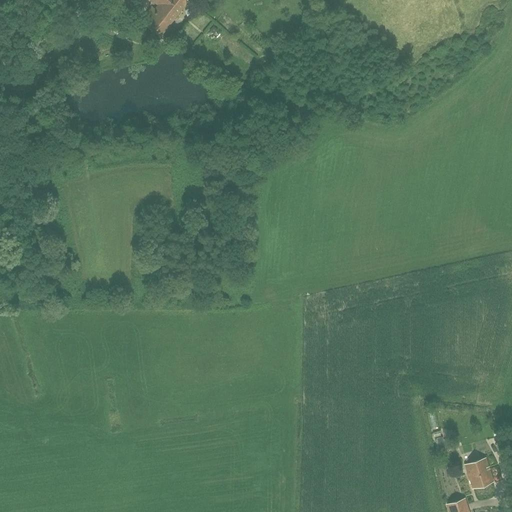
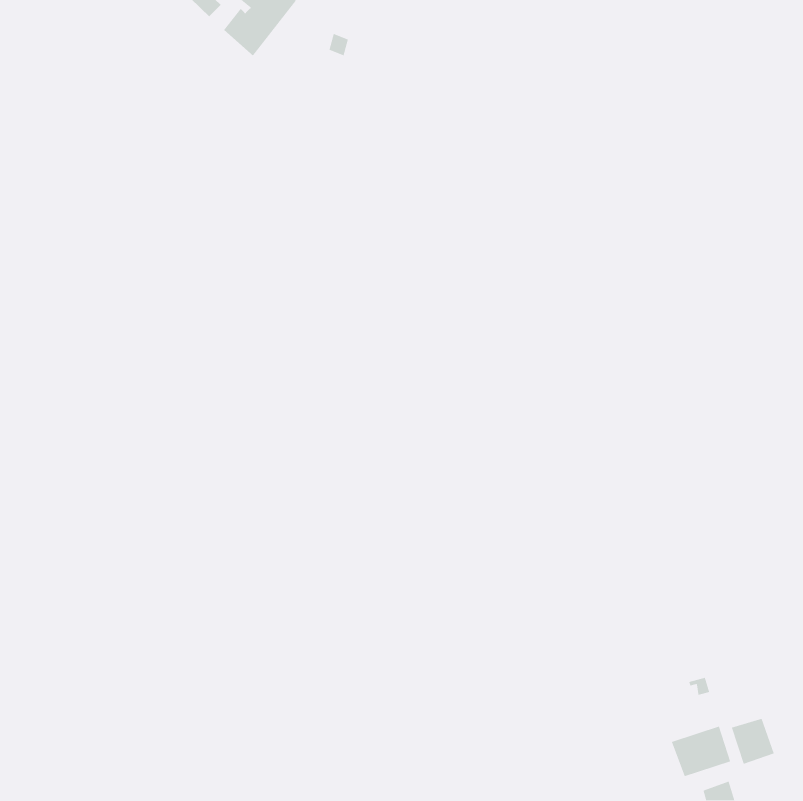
building: none -> [671,725,731,777]

